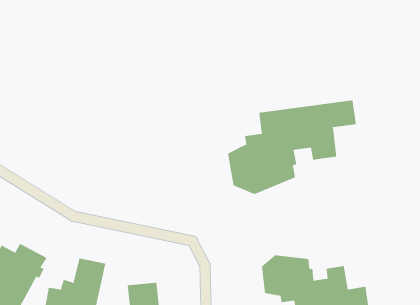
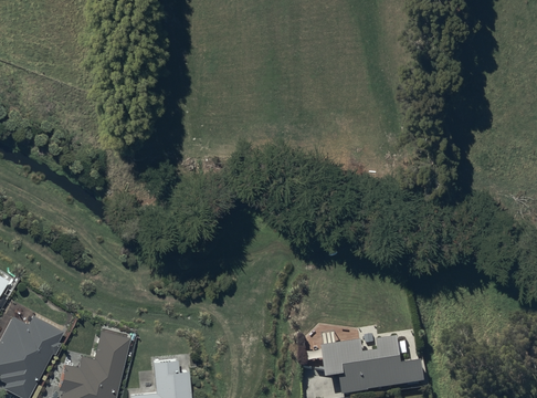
building: [227,99,356,195] -> none

